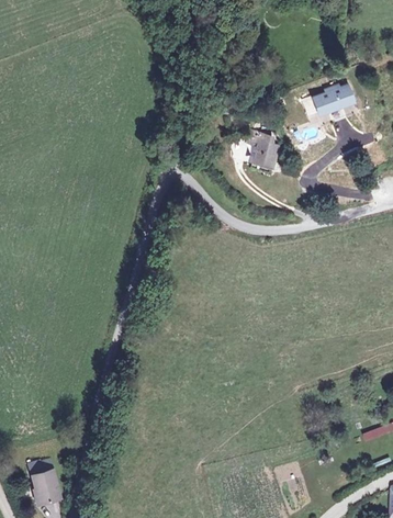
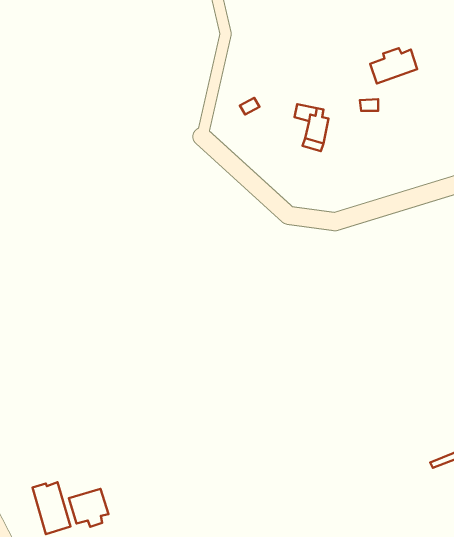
building: none -> [69,489,108,527]

